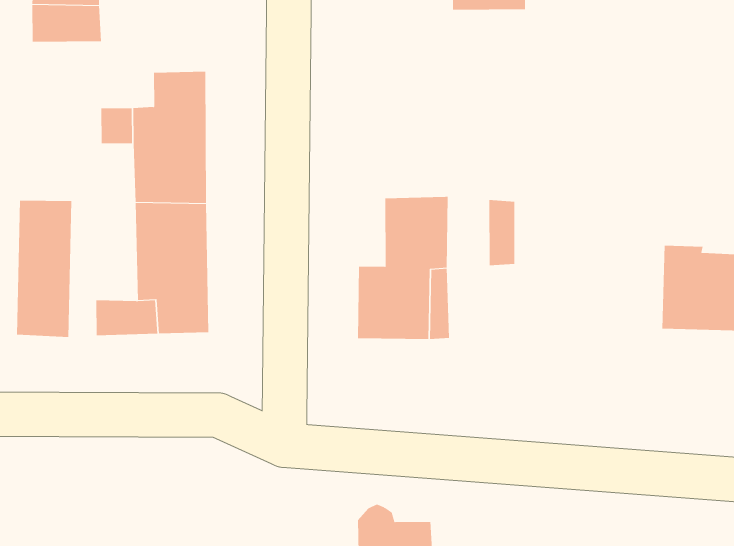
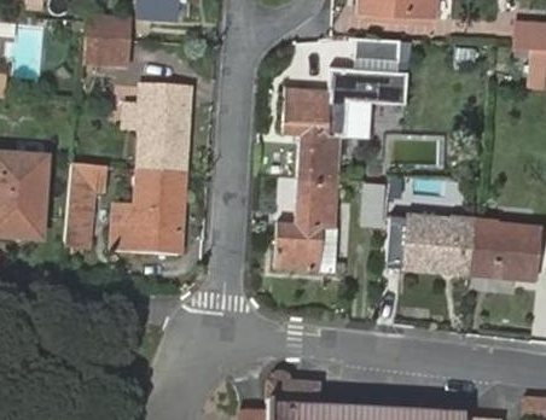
building: none -> [284,65,406,179]
building: none -> [403,216,475,272]

